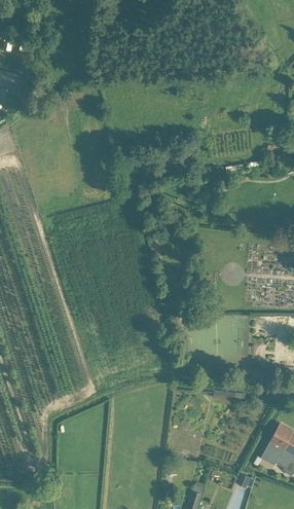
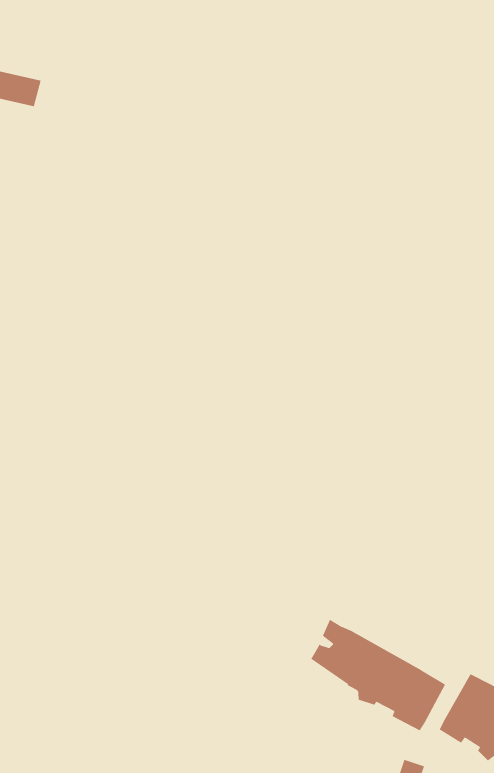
building: none -> [311,619,446,731]

